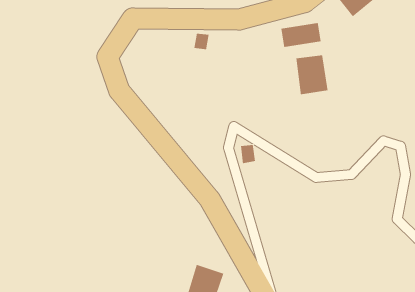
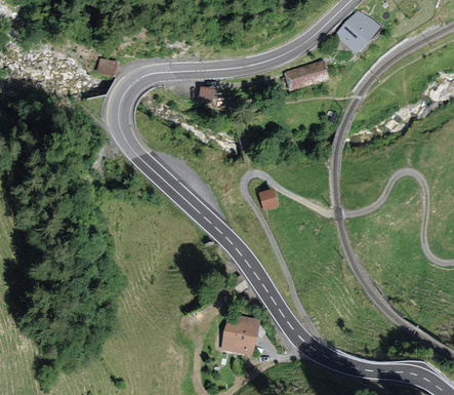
building: [296,55,328,95] -> none

